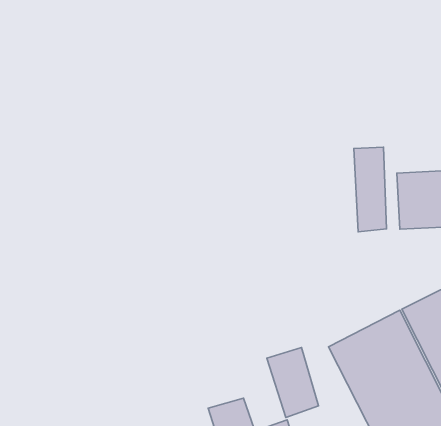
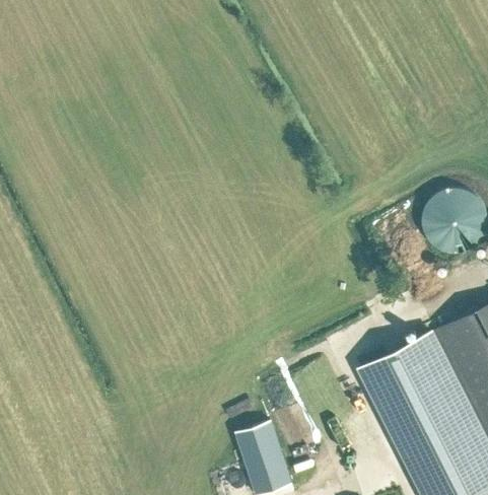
building: [354,147,387,232] -> none
building: [267,347,319,418] -> none

